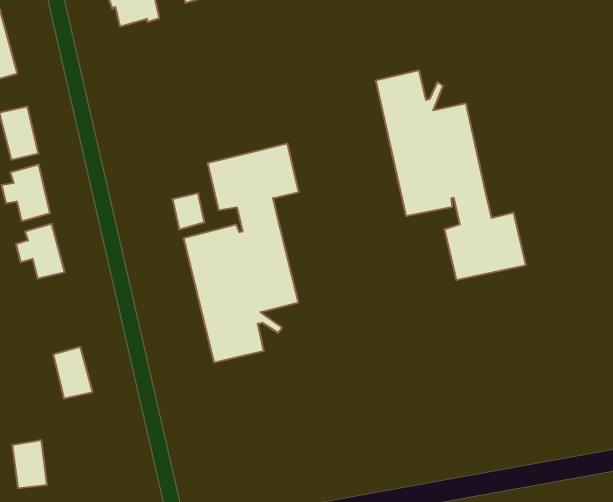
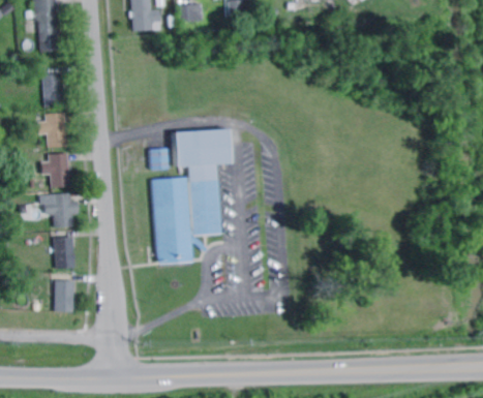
building: [376,70,526,280] -> none
building: none -> [44,193,73,227]
building: [12,440,47,488] -> [54,281,74,311]

